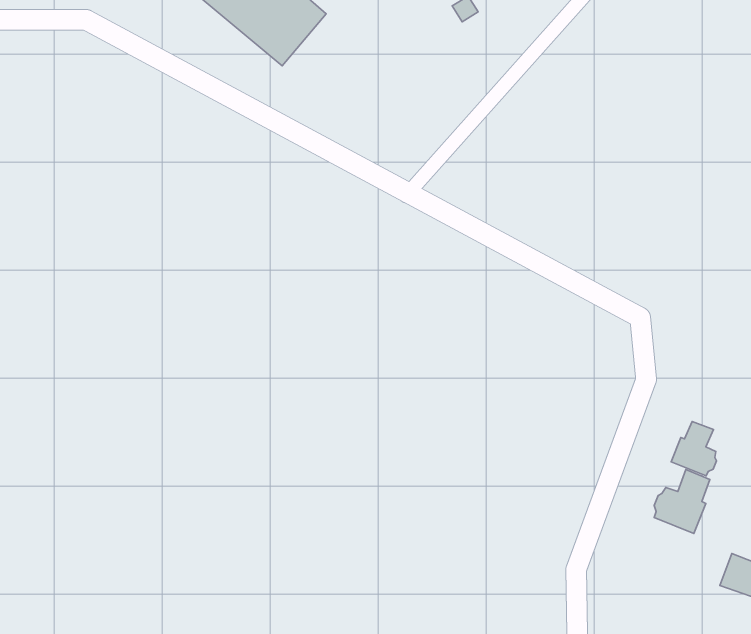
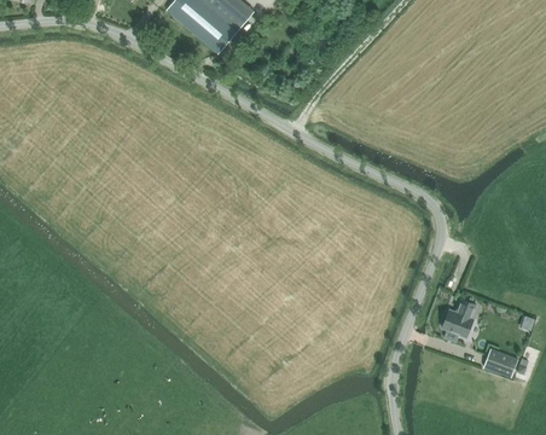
building: [671,421,716,476] -> none

